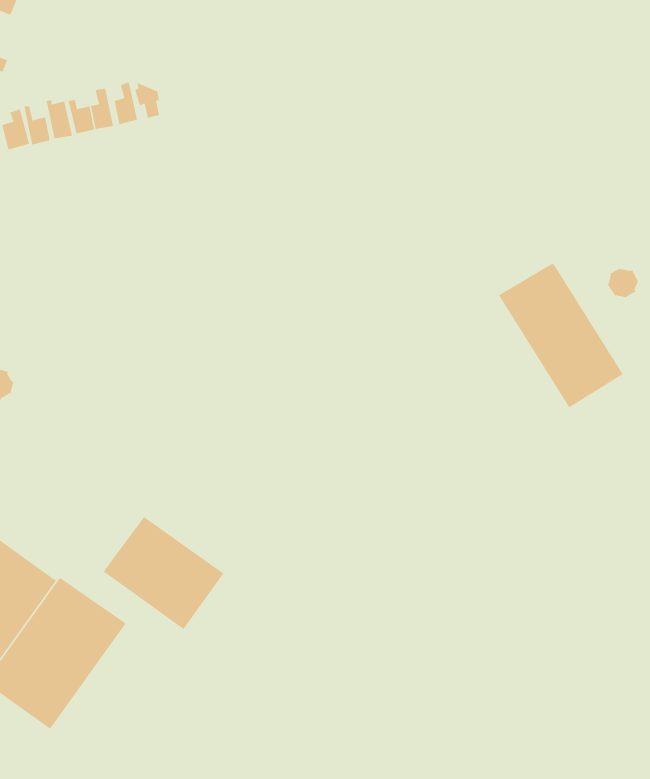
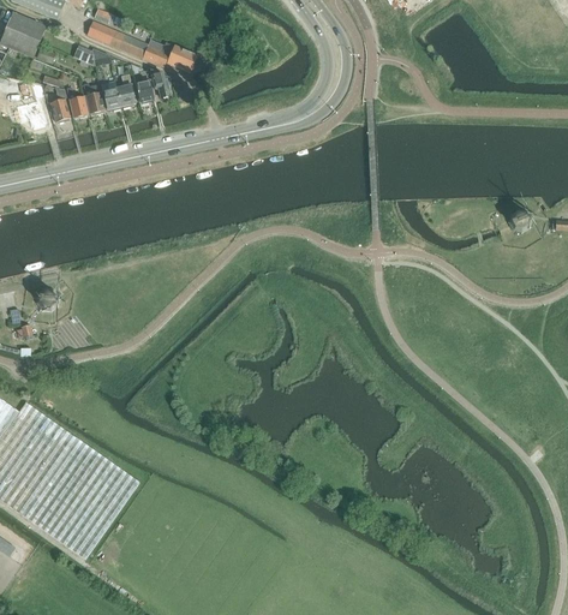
building: none -> [85,20,195,72]
building: [498,263,623,408] -> none
building: [103,517,224,630] -> none

